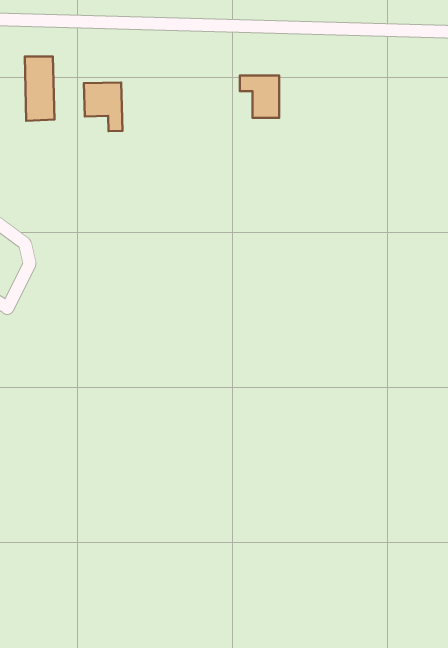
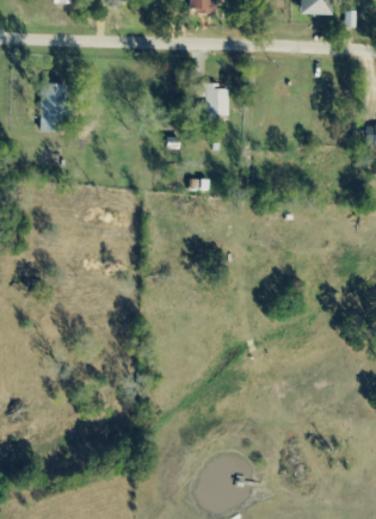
building: [84,82,122,131] -> none

